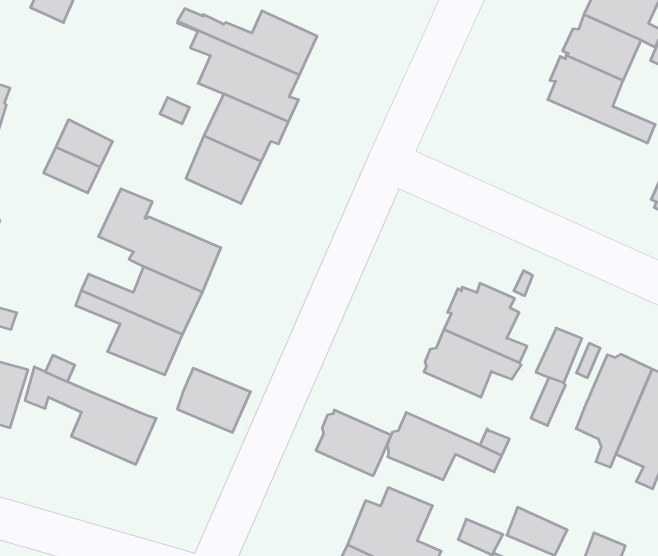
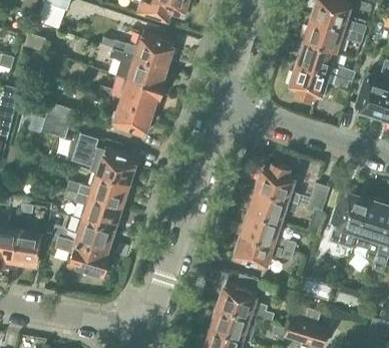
building: none -> [288,64,348,102]
building: [177,368,251,432] -> [76,220,113,251]
building: [316,410,391,476] -> [241,213,279,245]

